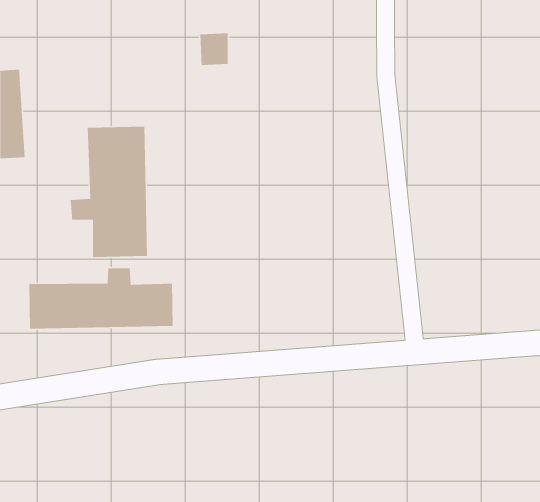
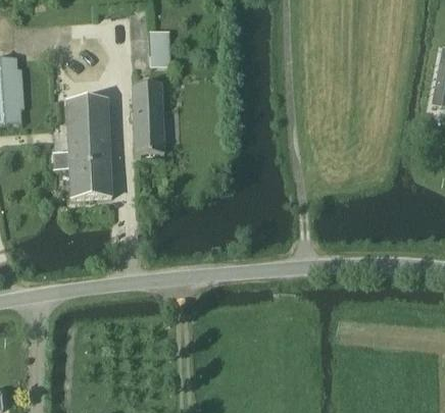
building: none -> [132,82,164,152]
building: [28,268,174,330] -> none

